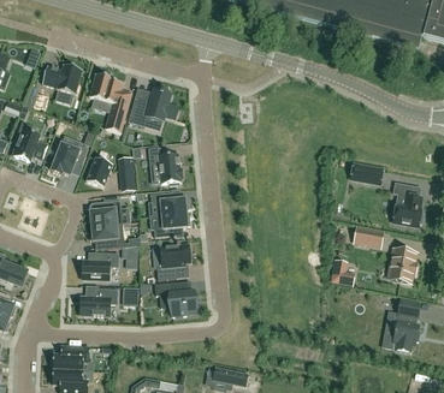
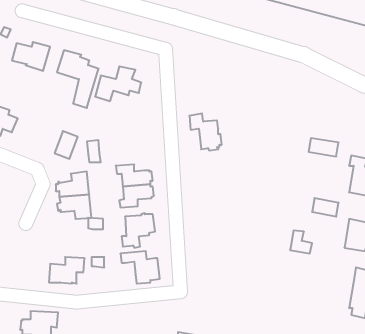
building: [52,142,89,174] -> none
building: [149,145,183,184] -> [189,113,222,150]
building: [82,251,119,278] -> none

